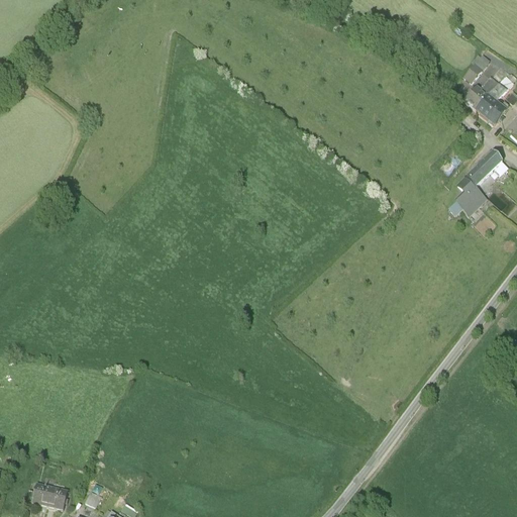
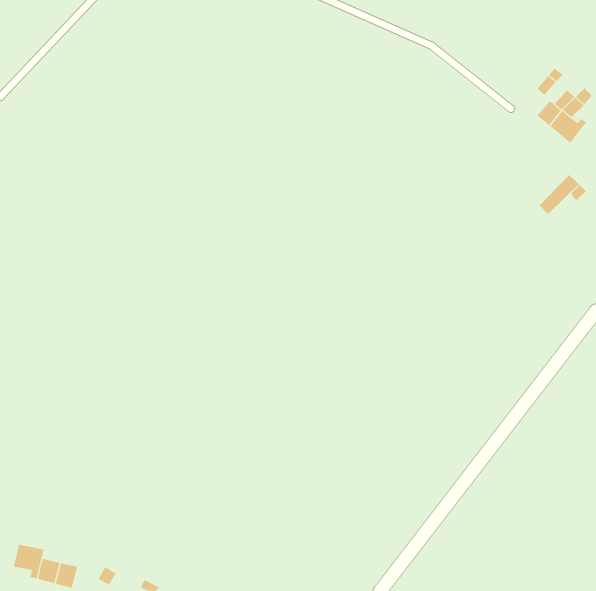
building: [457,178,481,212] -> none
building: none -> [13,544,44,579]

